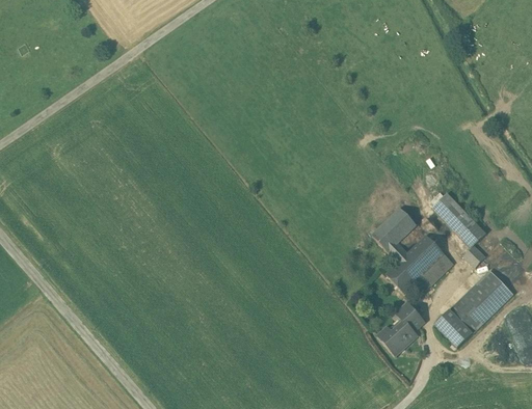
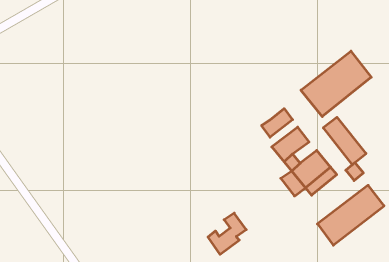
building: none -> [301,51,371,117]
building: none -> [262,109,293,137]
building: [378,302,424,354] -> [208,213,246,254]

